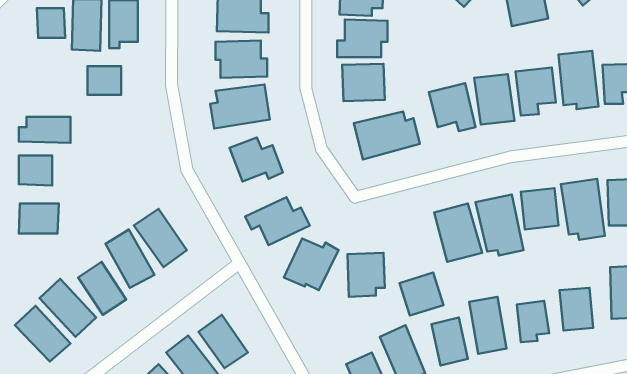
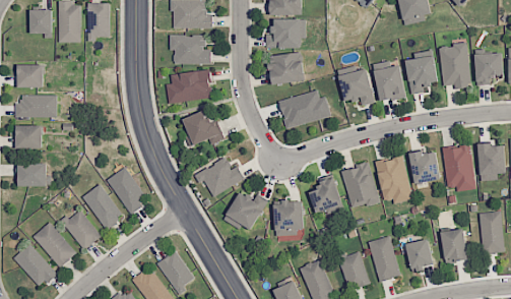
building: [87,66,121,95] -> [16,64,43,86]
building: [399,273,443,315] -> [307,179,341,213]

